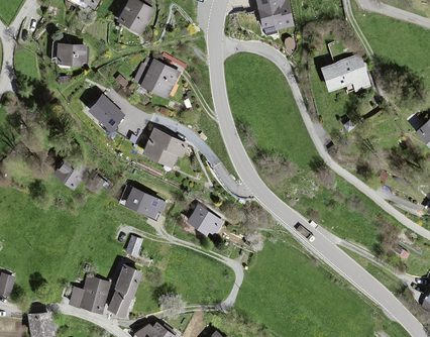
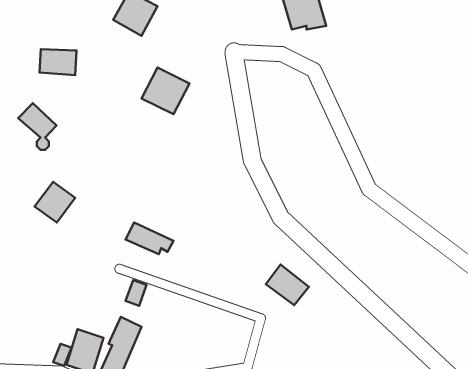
building: [320,54,370,92] -> none
building: [91,96,122,134] -> [18,103,56,150]
building: [141,128,187,166] -> none
building: [187,205,222,238] -> [266,265,309,305]

